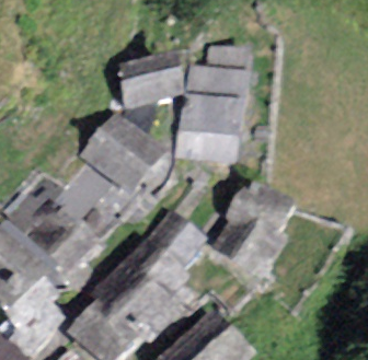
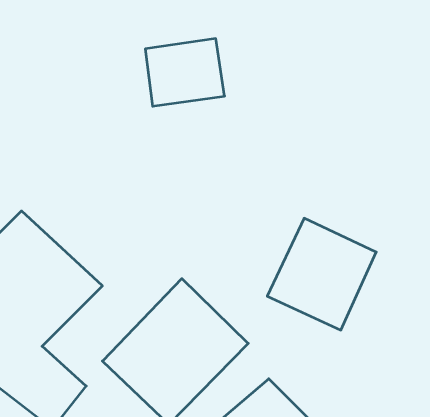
building: [174,63,251,164] -> none
building: [78,111,168,199] -> none

